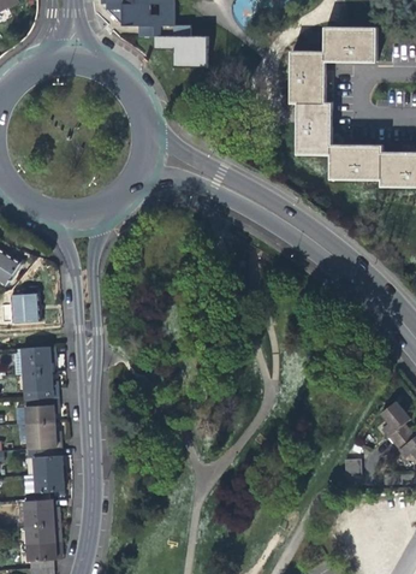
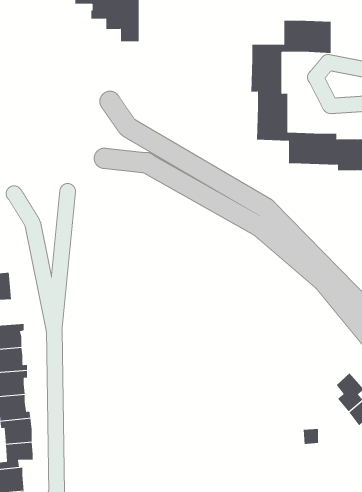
building: [174,25,209,67] -> none

